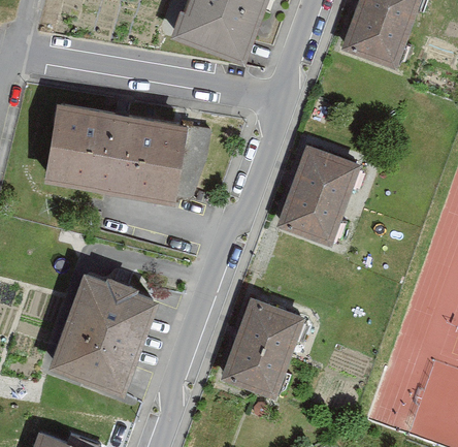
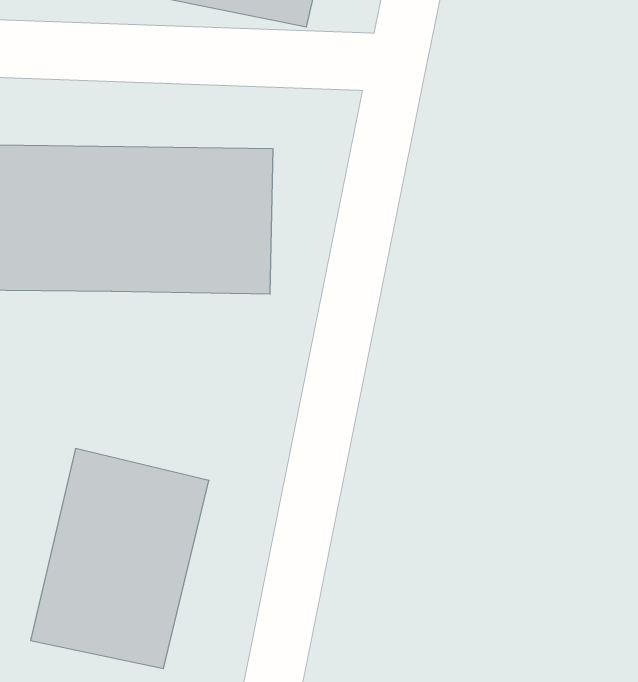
building: [280,149,357,244] -> none
building: [224,299,301,394] -> none

